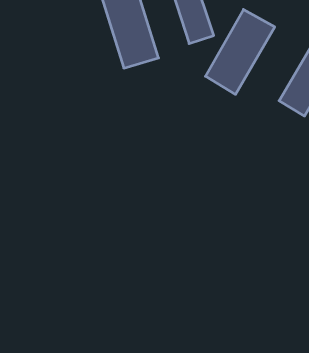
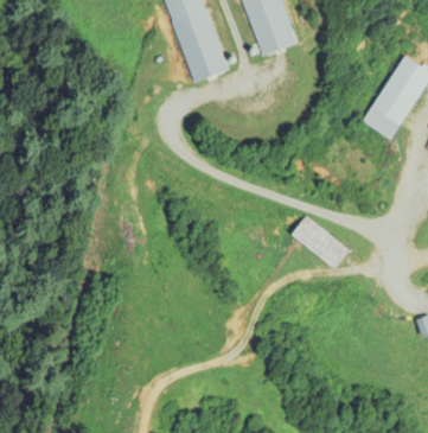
building: [205,9,275,94] -> none
building: none -> [292,214,351,267]

